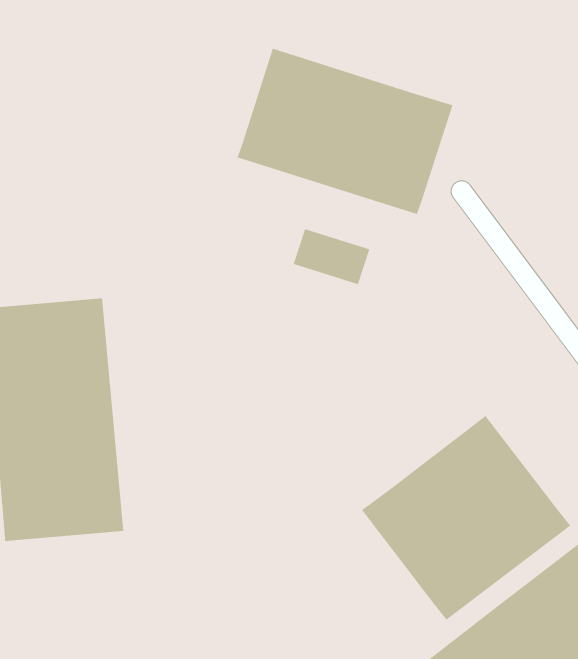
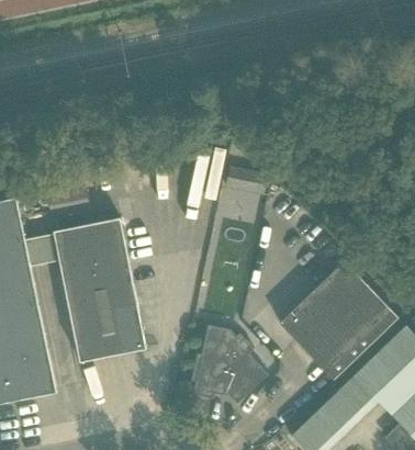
building: [237,48,453,215] -> none
building: none -> [191,325,261,403]

